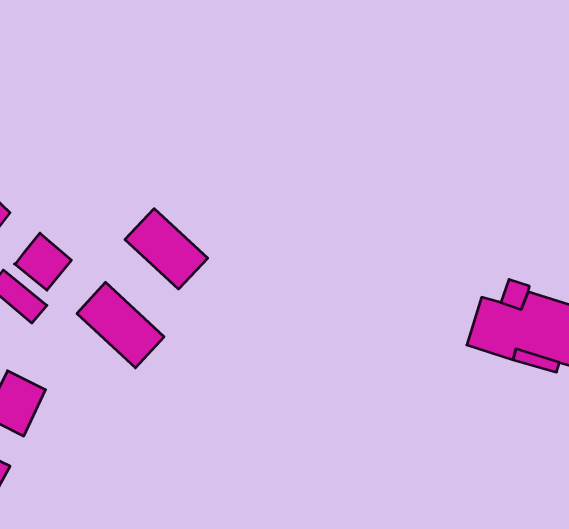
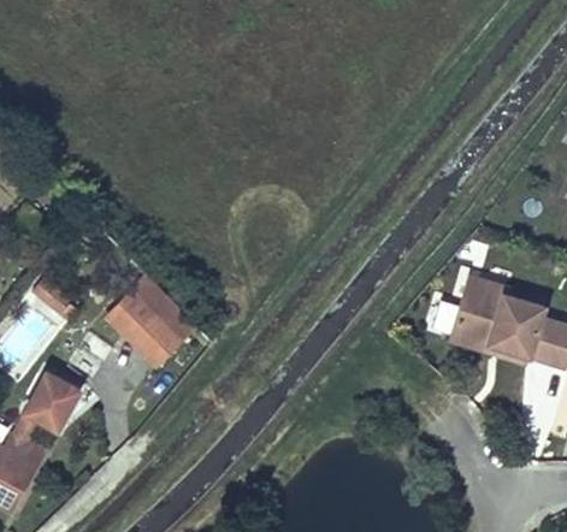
building: [125,209,208,289] -> none
building: [14,233,71,290] -> none

